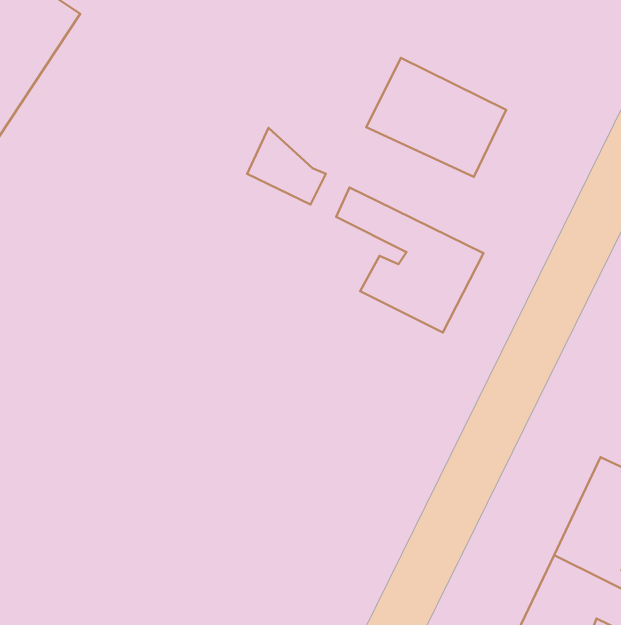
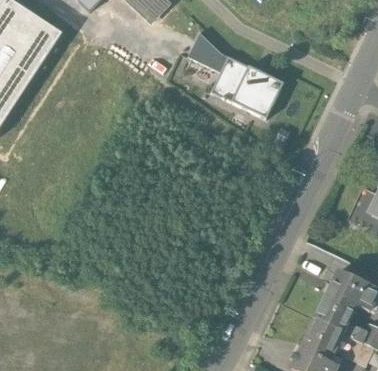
building: [247,128,326,205] -> [188,33,229,73]
building: [336,187,484,333] -> none

